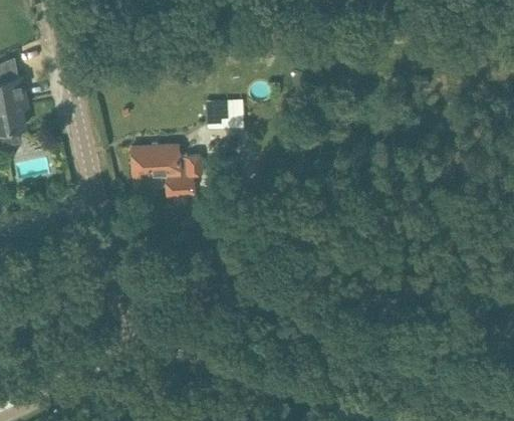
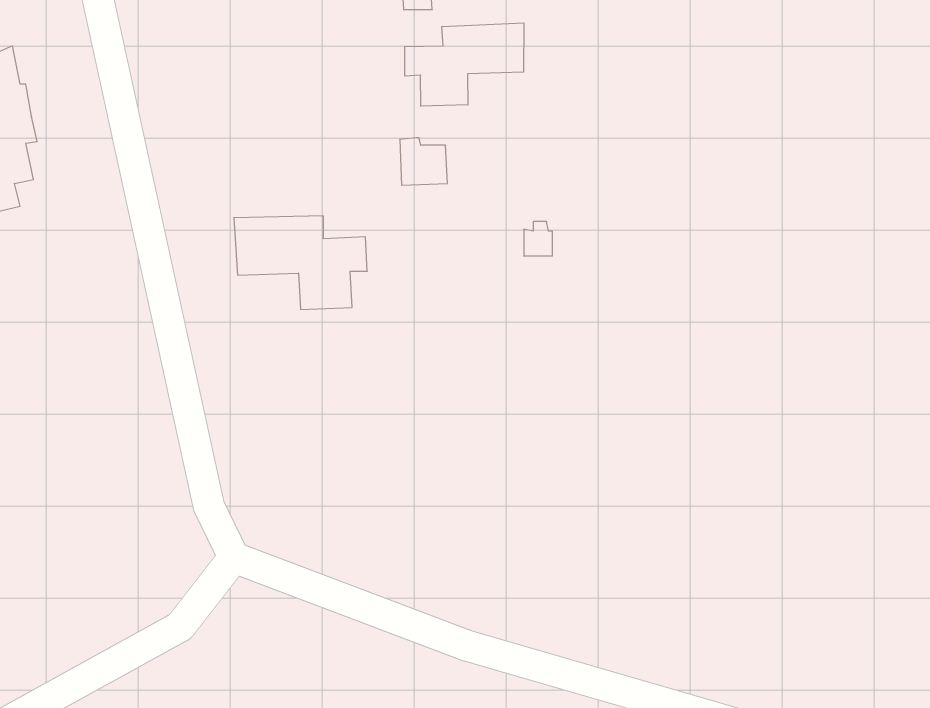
building: none -> [405,23,524,106]

